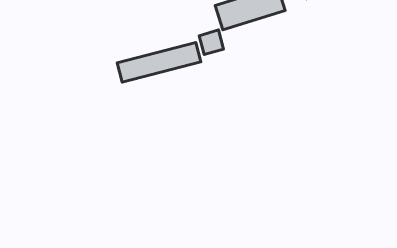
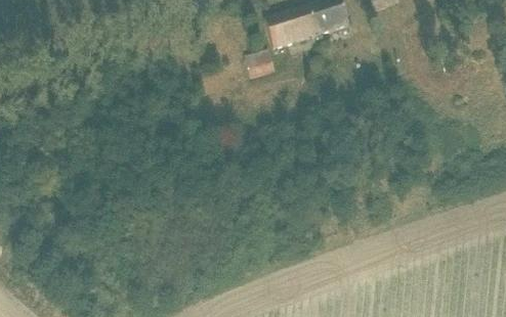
building: [117,42,201,82] -> none

